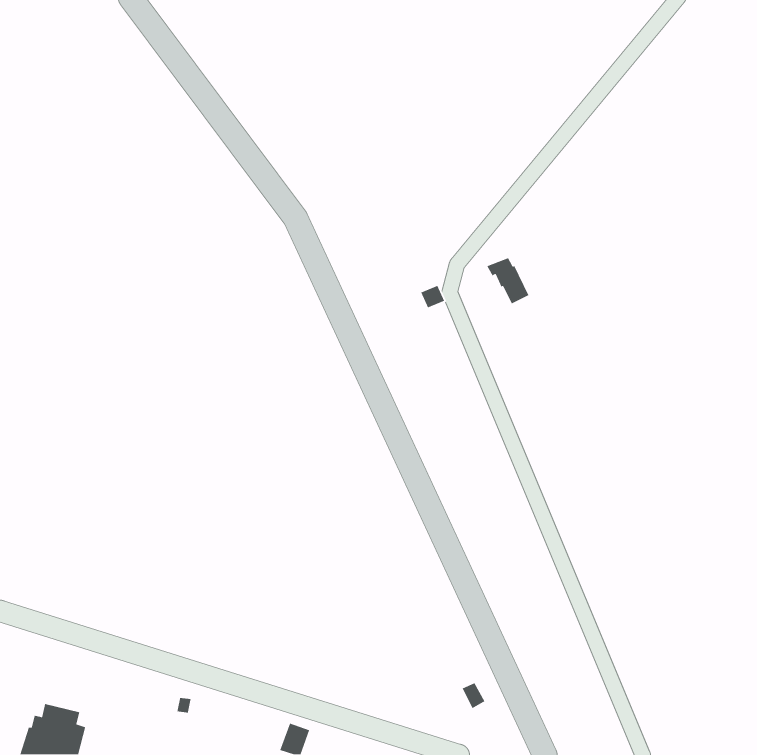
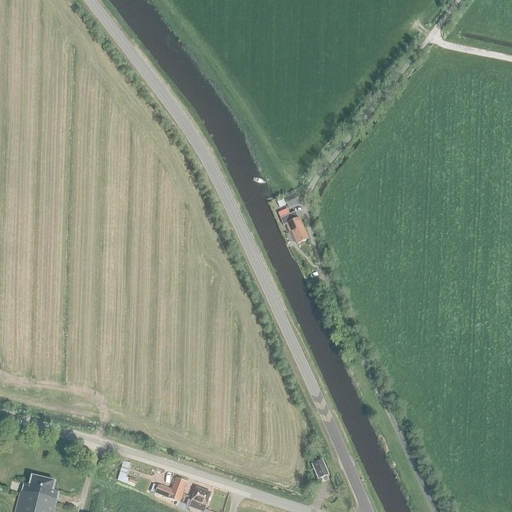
building: [486,257,529,305] -> [280,211,309,243]
building: none -> [155,477,188,503]

